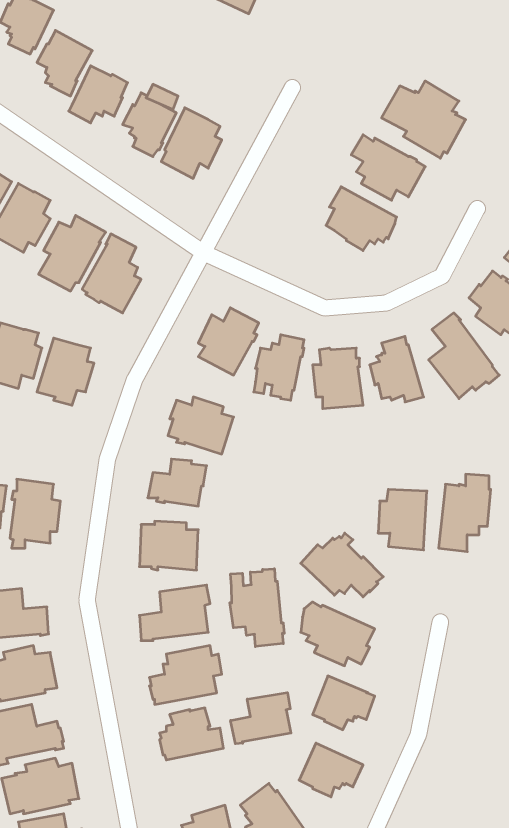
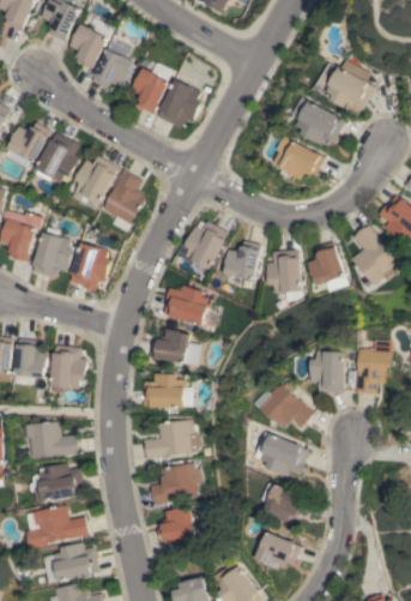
building: [230,569,284,647] -> none
building: [231,693,291,744] -> none

